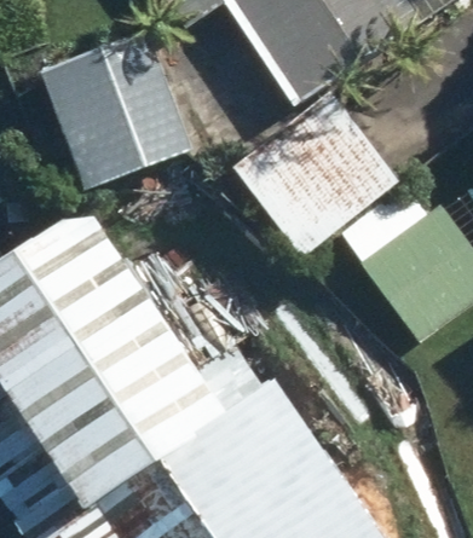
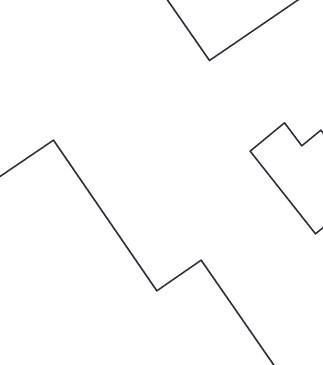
building: [38,25,198,189] -> none
building: [232,87,405,256] -> none

